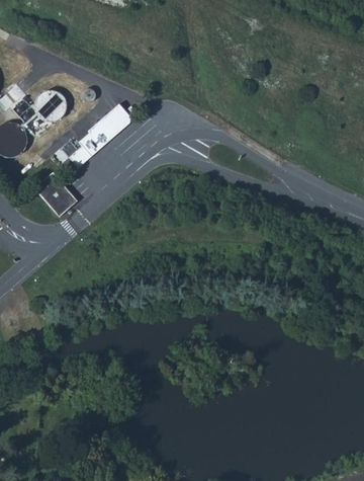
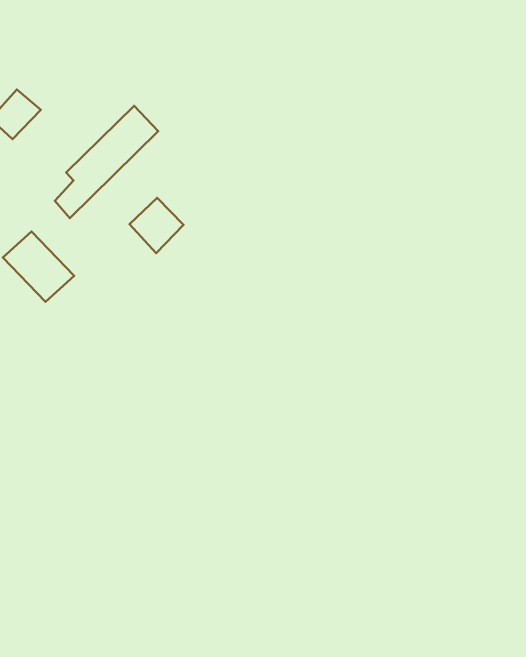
building: none -> [130,198,183,253]

